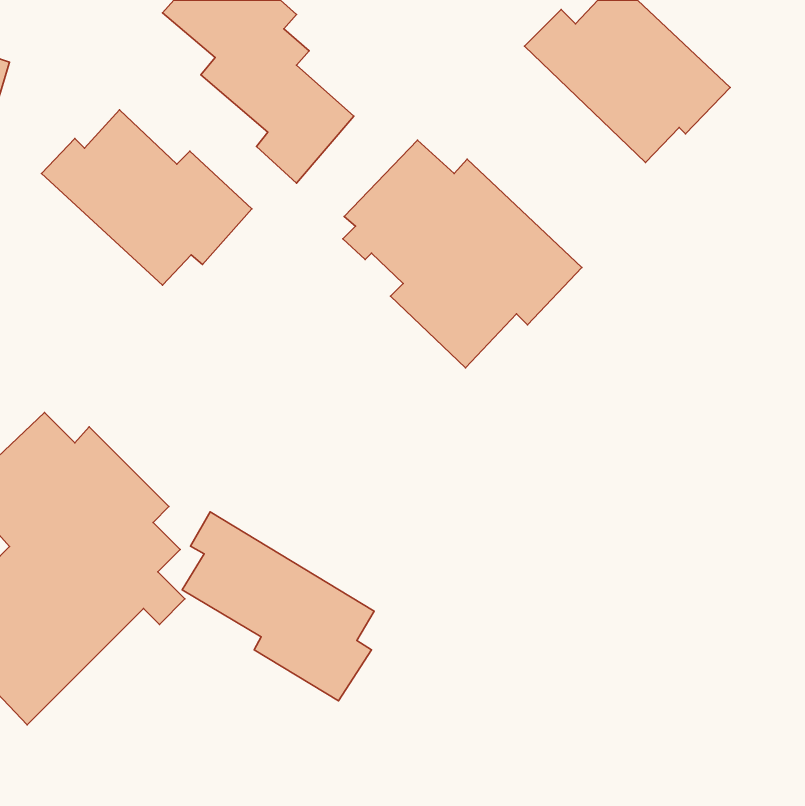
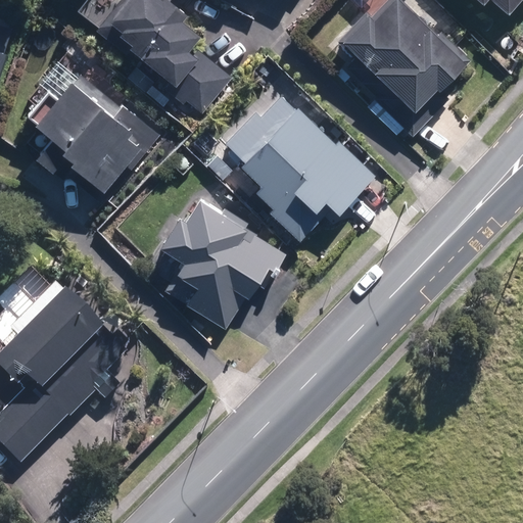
building: none -> [157,194,282,331]
building: [182,512,374,701] -> none

